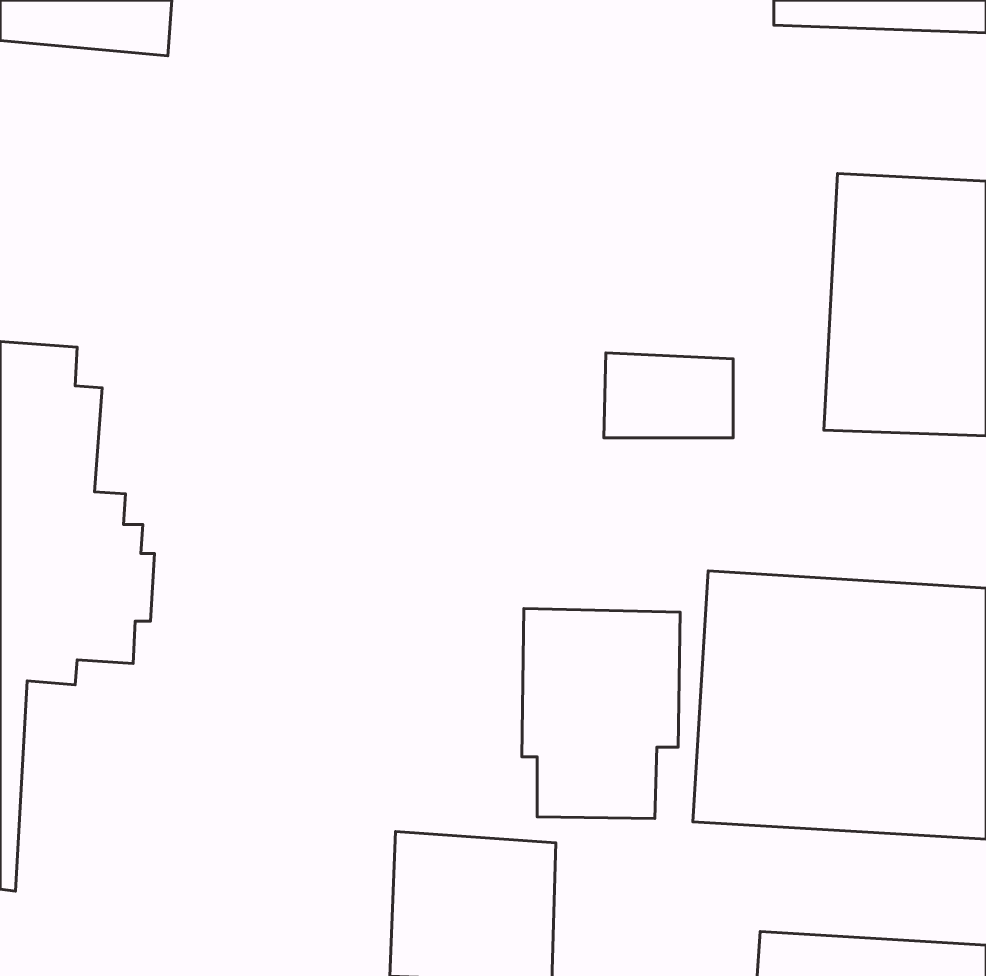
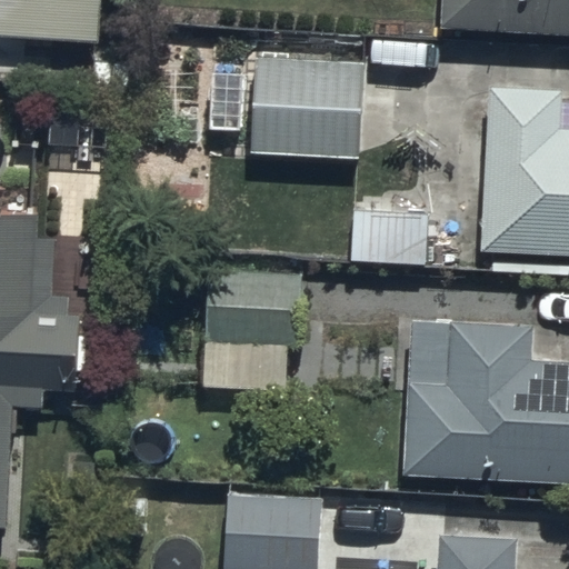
building: none -> [246,57,363,157]
building: [522,608,680,819] -> [211,264,302,386]

